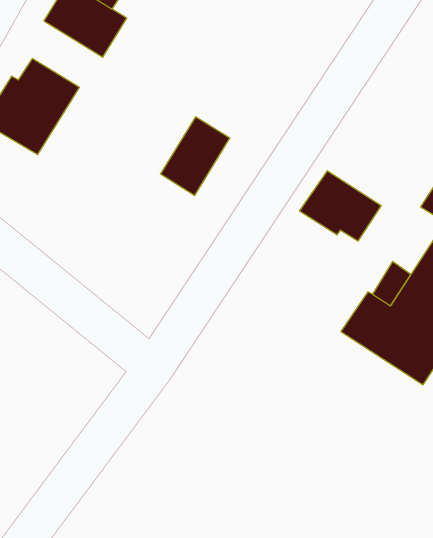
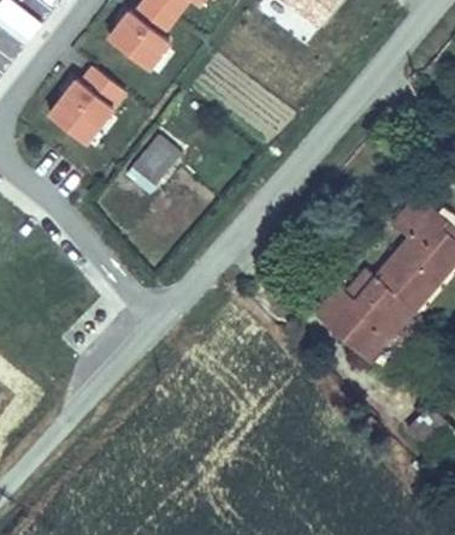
building: [160,117,230,195] -> [125,131,184,194]
building: [300,171,381,241] -> none

